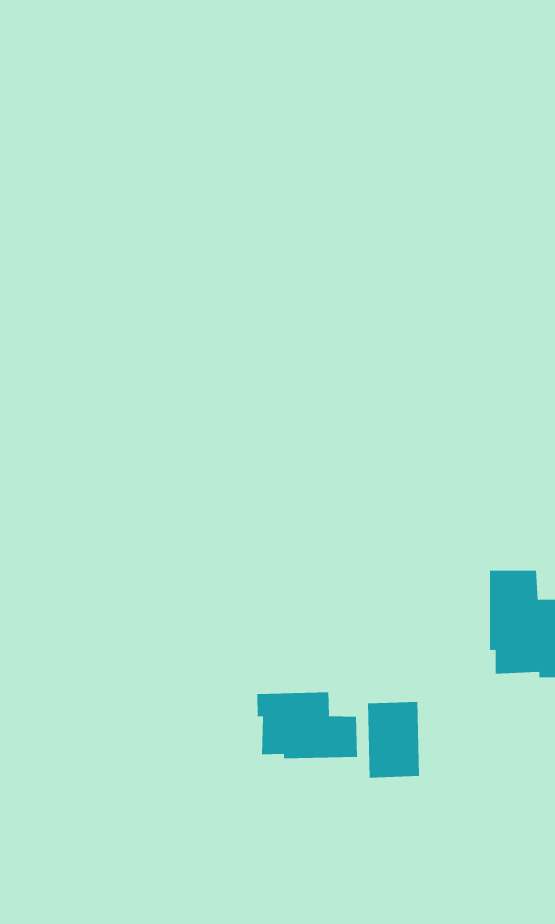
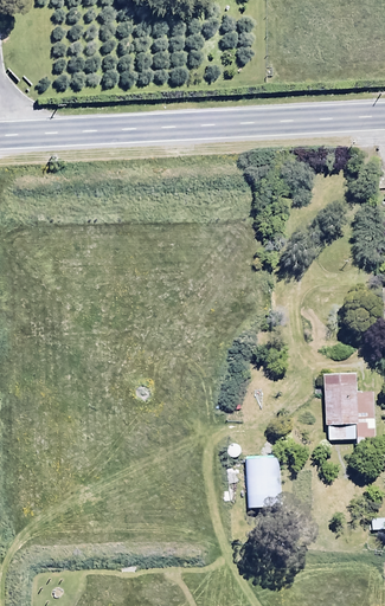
building: [257,692,357,759] -> none

